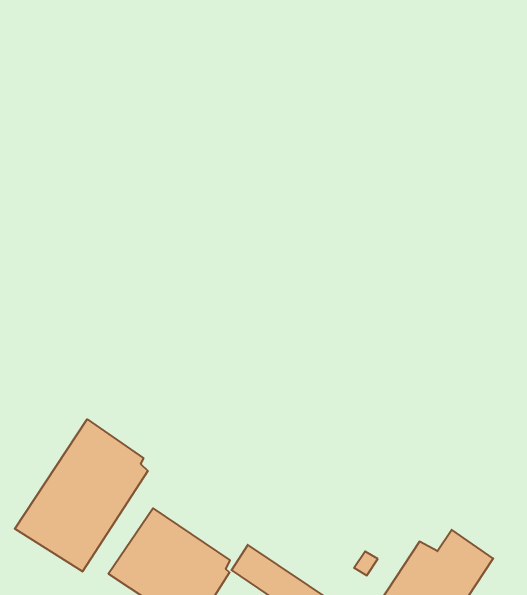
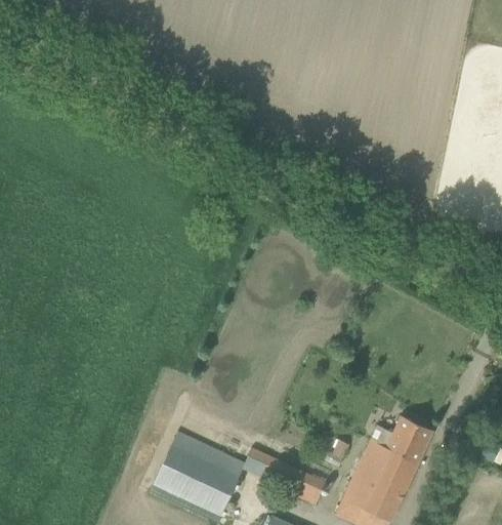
building: [15,419,148,572] -> none

